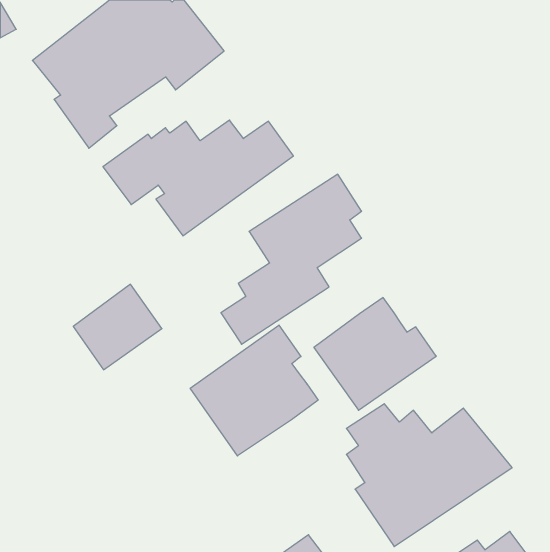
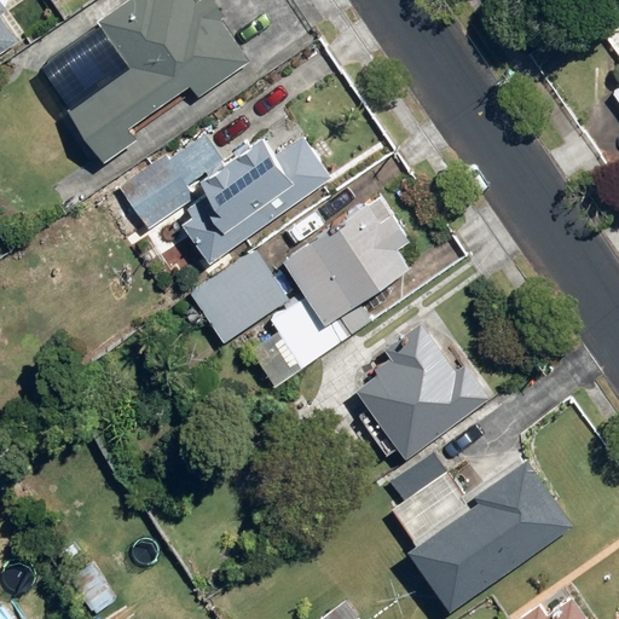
building: [73,284,162,370] -> [190,249,289,345]
building: [190,325,318,456] -> none

